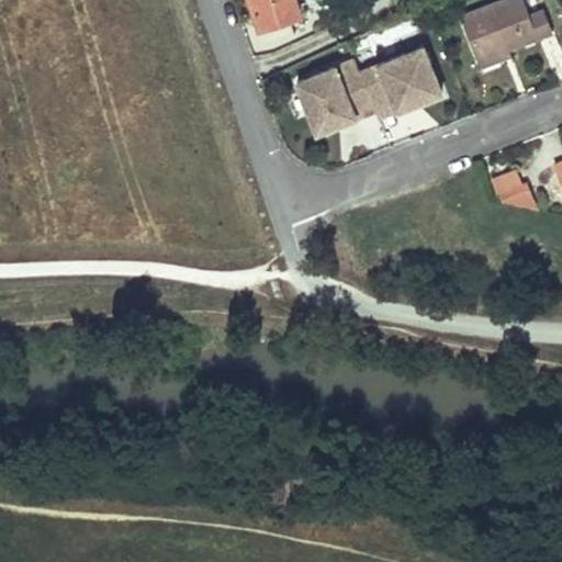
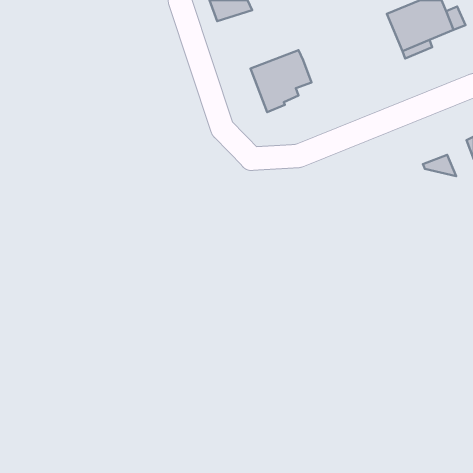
building: [360,48,441,111] -> none

